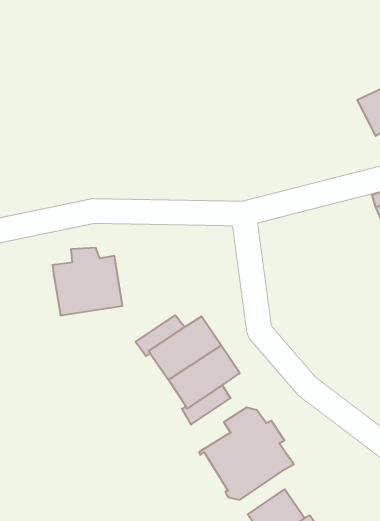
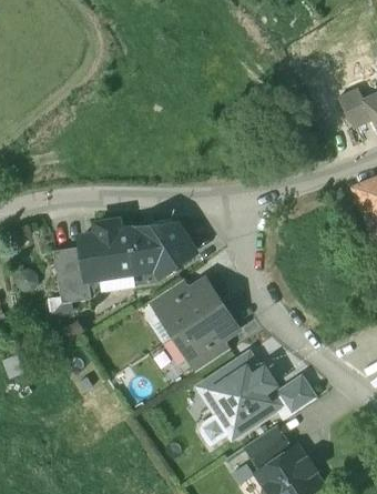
building: none -> [133,222,194,274]
building: none -> [53,245,92,303]
building: none -> [276,376,317,420]

